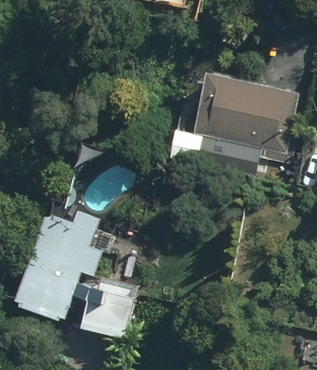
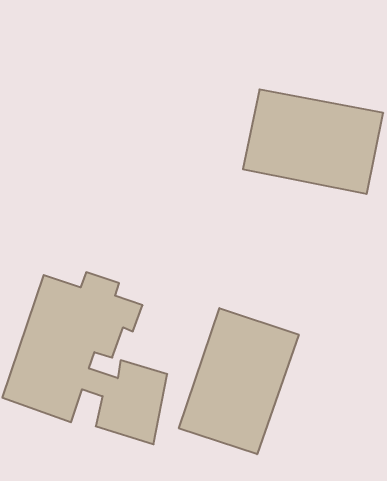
building: none -> [179,308,299,454]

